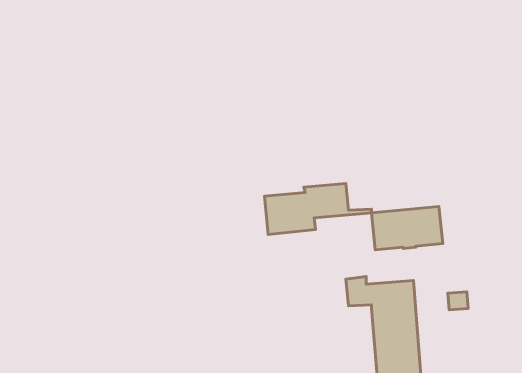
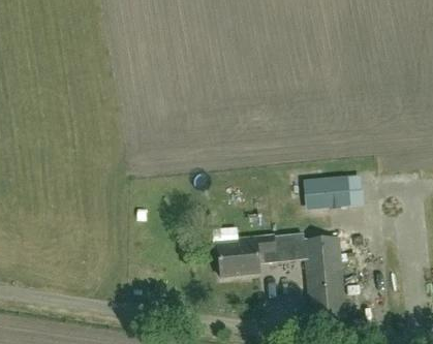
building: [264,184,371,235] -> [218,234,305,276]

